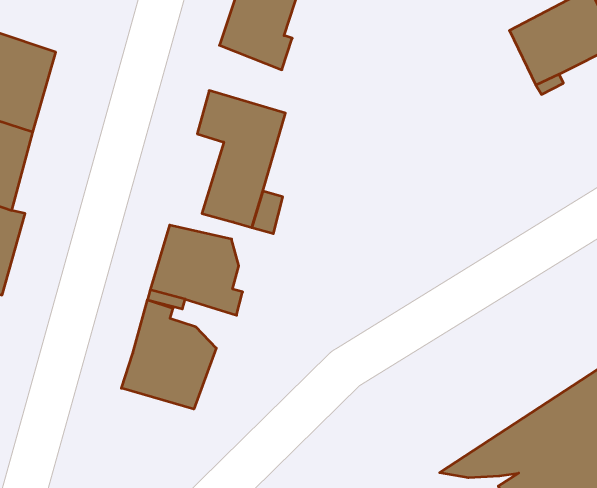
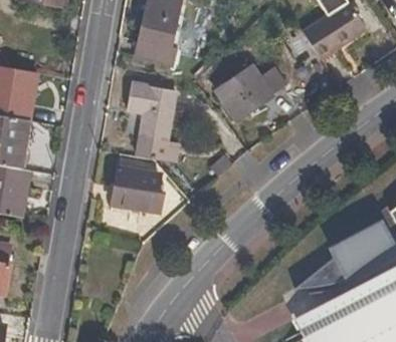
building: none -> [214,64,285,120]
building: [121,300,216,409] -> none

